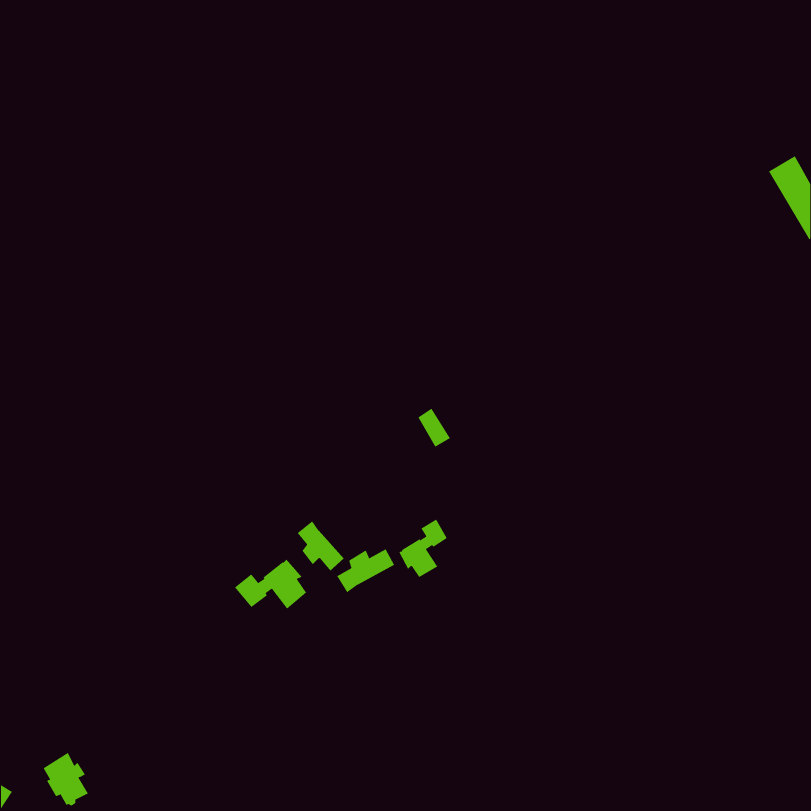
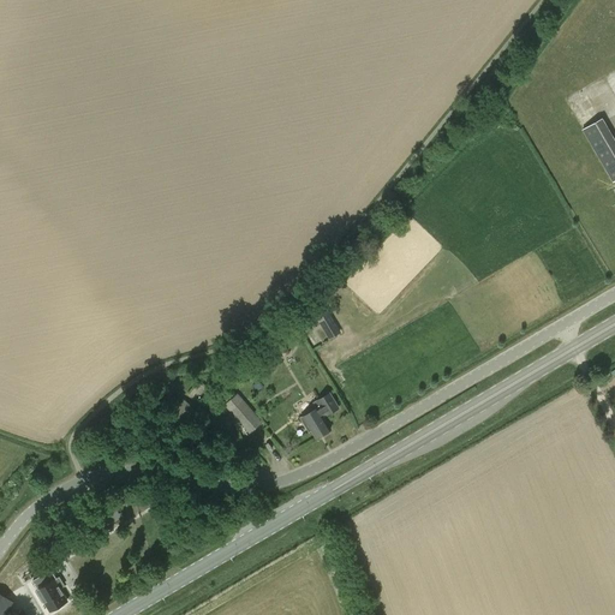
building: [336,548,395,593] -> none
building: [234,559,307,609] -> none

